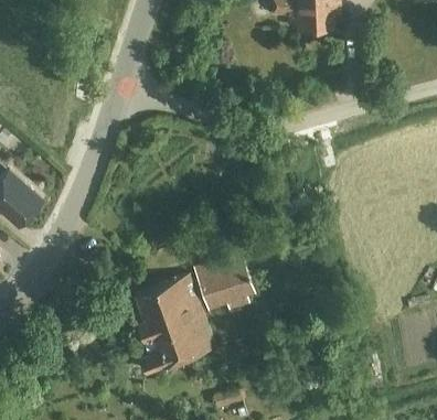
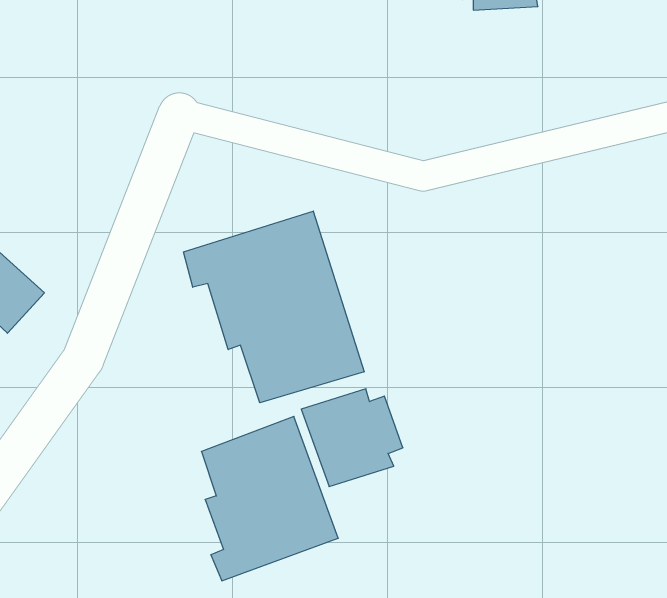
building: none -> [183,211,364,403]

